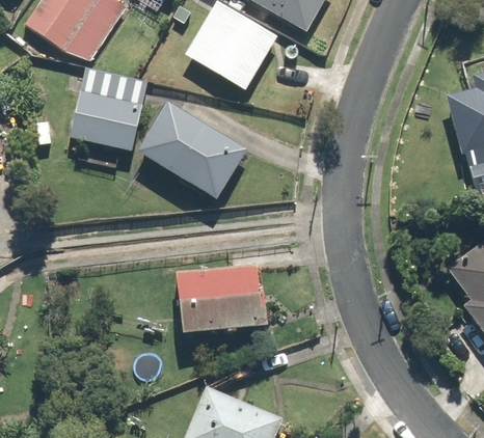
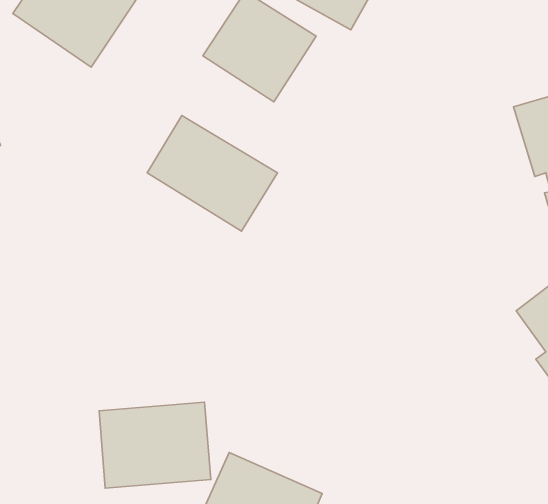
building: [69,65,150,152] -> none
building: [172,264,266,335] -> [99,402,211,488]

